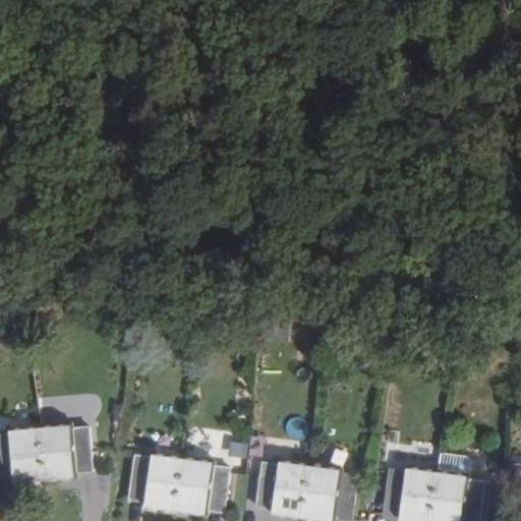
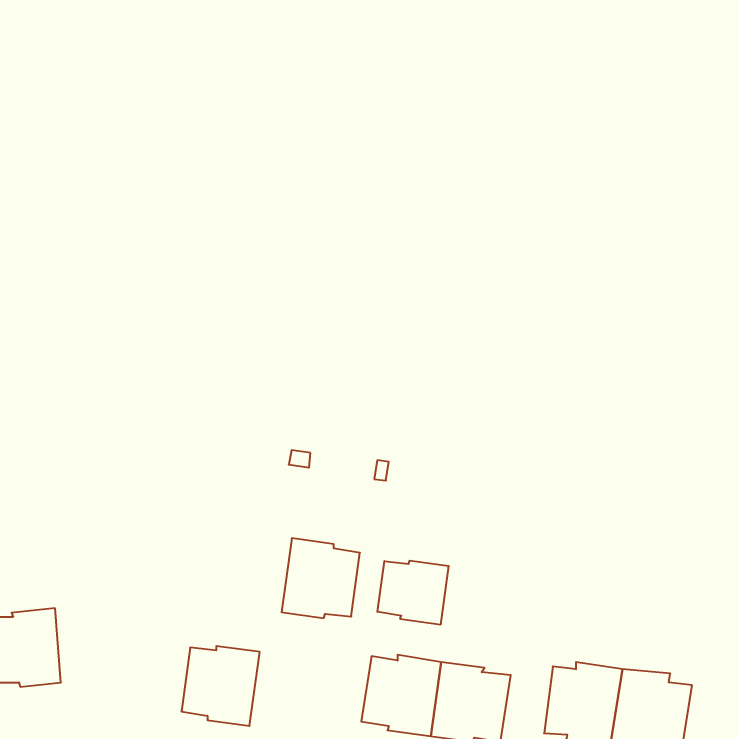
building: none -> [377,561,449,625]
building: [39,425,93,480] -> none
building: [175,459,230,515] -> [282,538,360,618]

